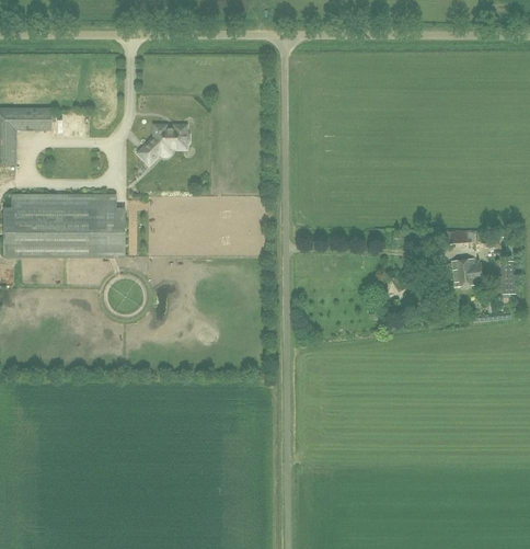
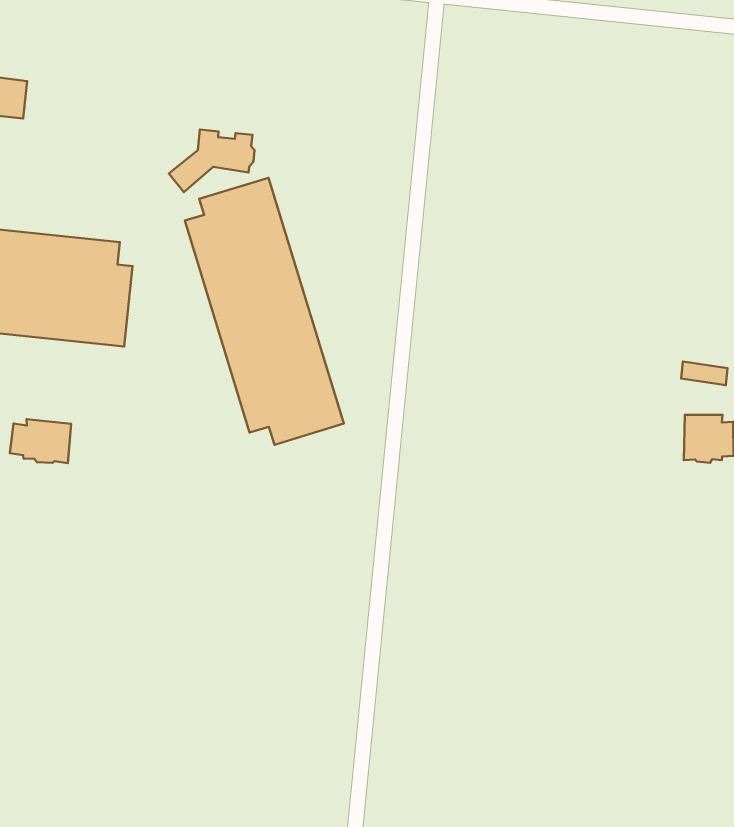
building: none -> [185,178,344,445]
building: none -> [10,419,71,463]

